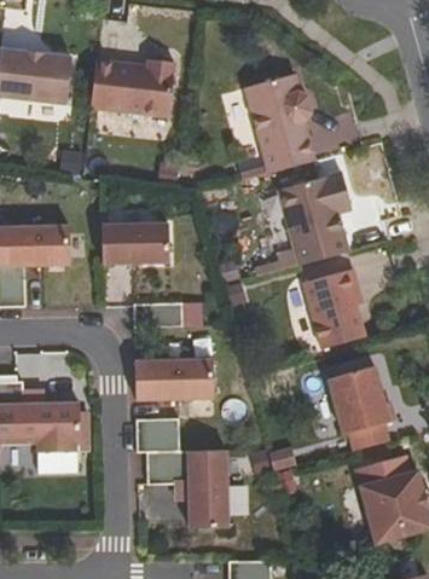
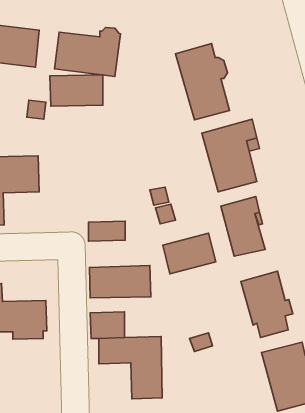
building: [100,224,168,264] -> [50,75,103,106]
building: none -> [163,233,216,274]

